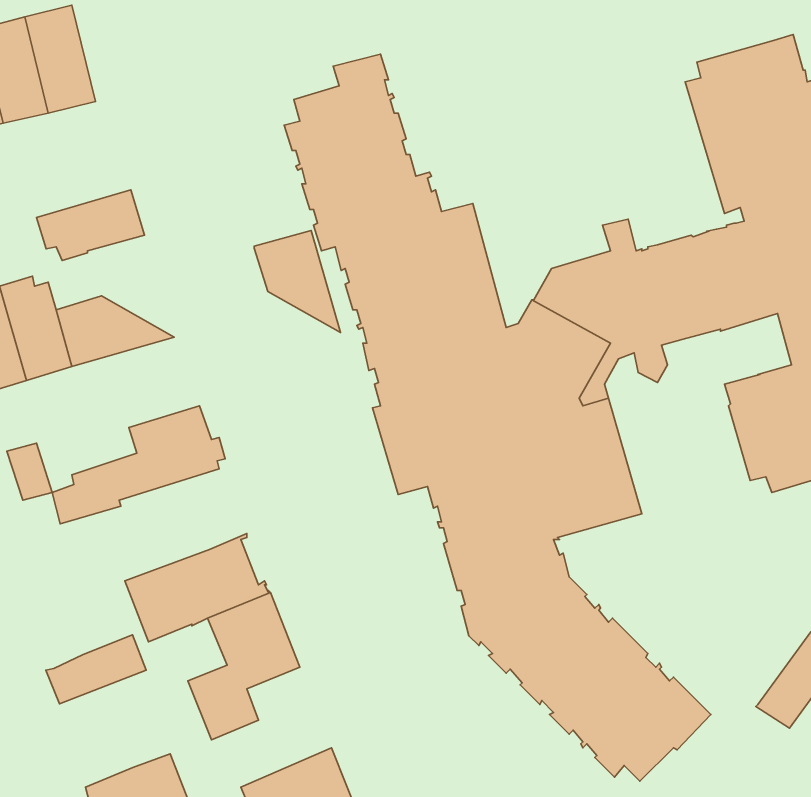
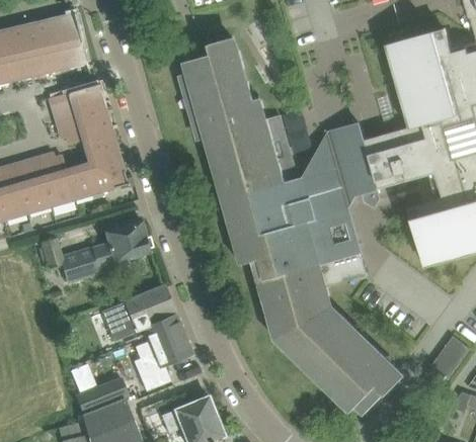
building: none -> [49,83,103,121]
building: [254,230,341,333] -> [81,130,126,183]
building: [46,635,146,704] -> [75,376,127,412]

